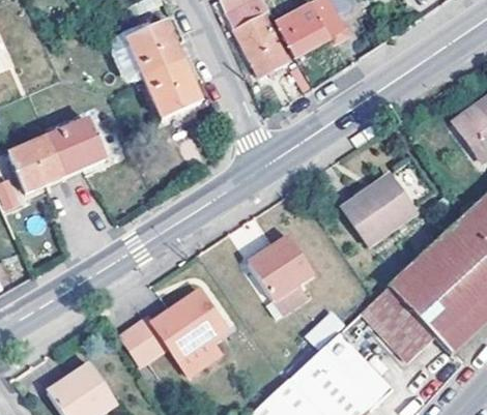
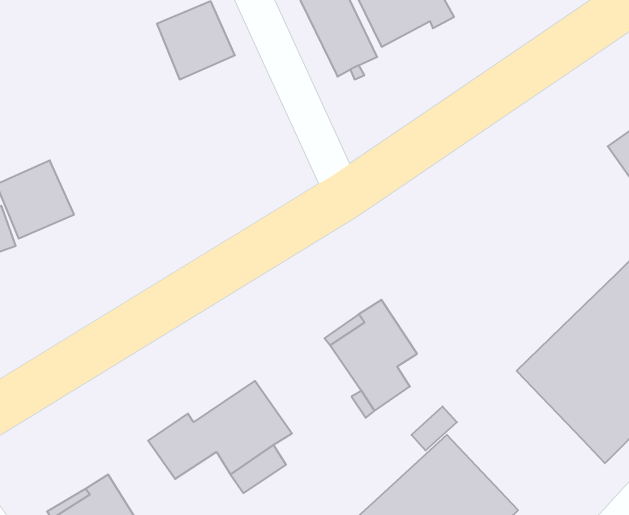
building: [143,58,200,115] -> none
building: [49,117,107,174] -> none
building: [342,174,417,246] -> none
building: [363,288,436,361] -> none

